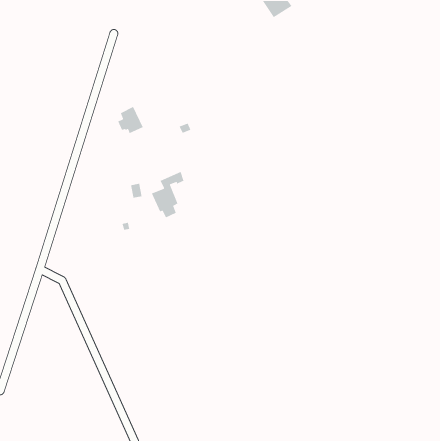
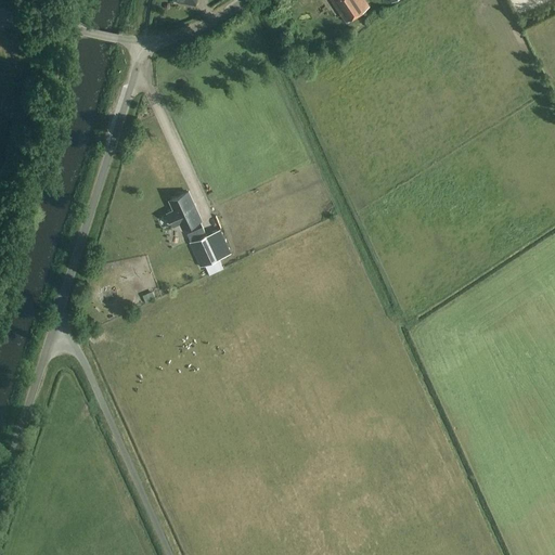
building: [117,106,144,134] -> [168,193,202,229]

